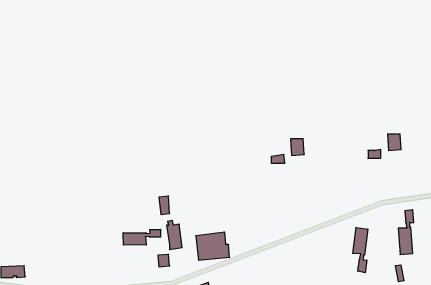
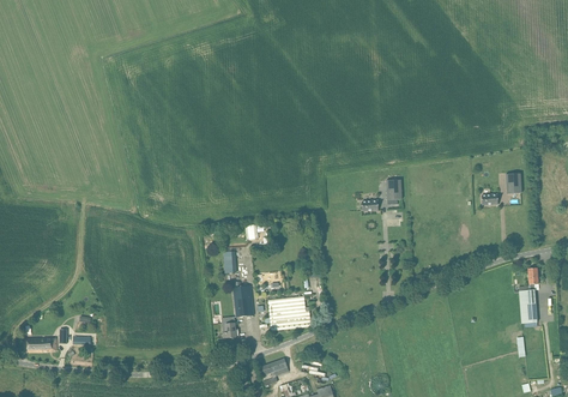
building: [353,227,368,273] -> none
building: [123,229,161,245] -> none

